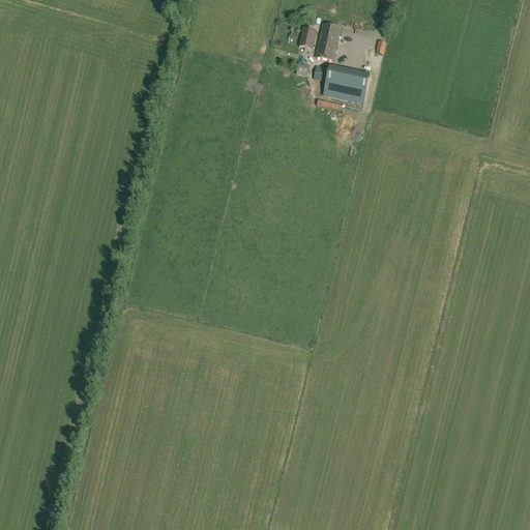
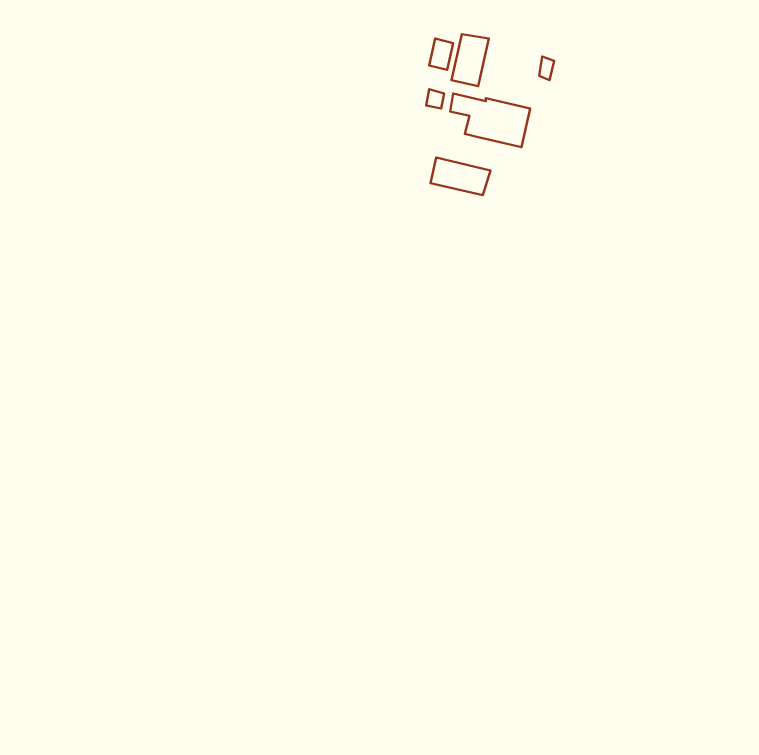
building: none -> [430,158,490,195]

